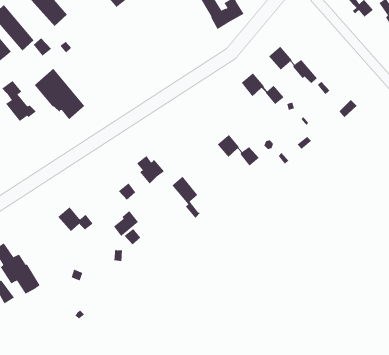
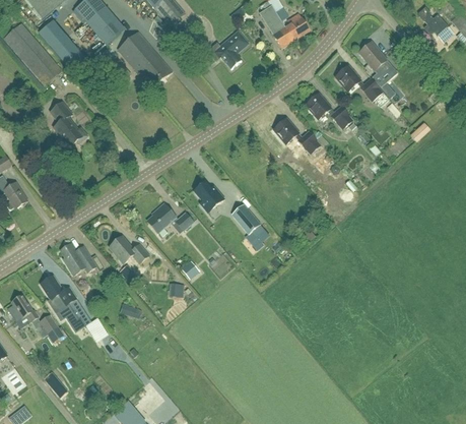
building: none -> [218,31,247,68]
building: none -> [357,41,393,98]
building: [34,68,85,120] -> [117,29,172,85]
building: [217,134,259,166] -> [273,118,319,153]
building: [113,210,139,237] -> [147,202,175,231]
building: none -> [59,243,94,275]

